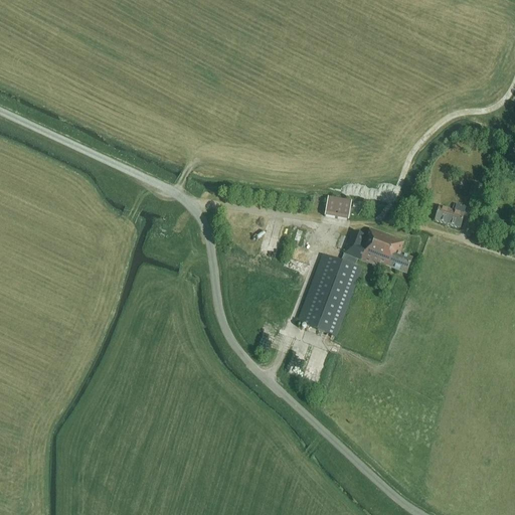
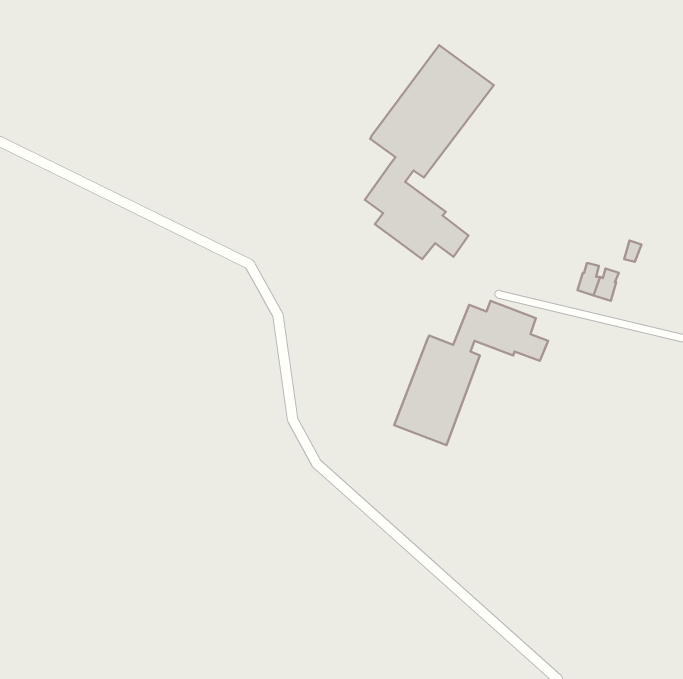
building: none -> [365,45,494,259]
building: [324,195,351,218] -> none

